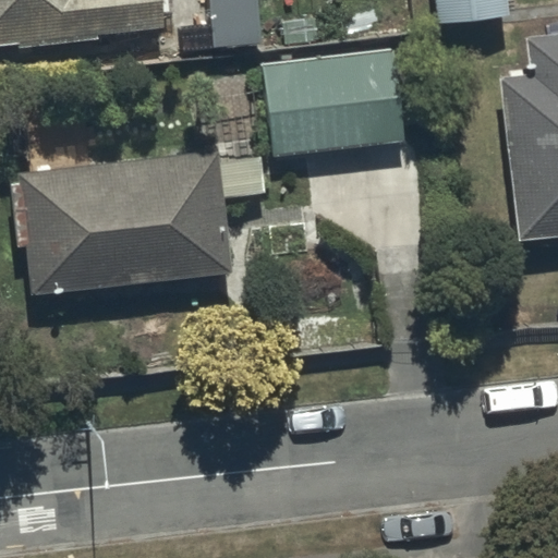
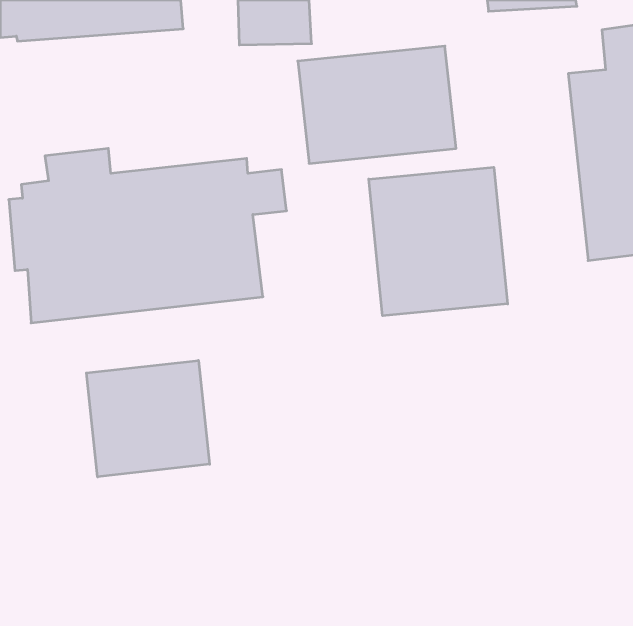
building: none -> [369,167,508,316]
building: none -> [86,360,210,477]

